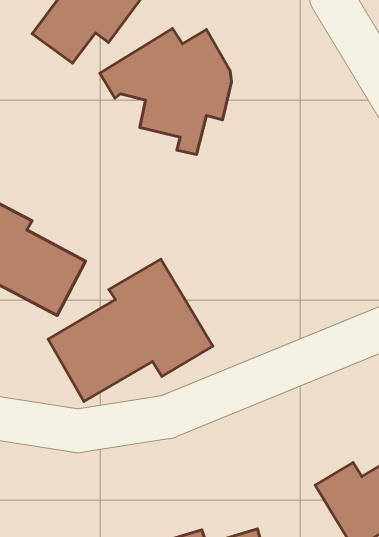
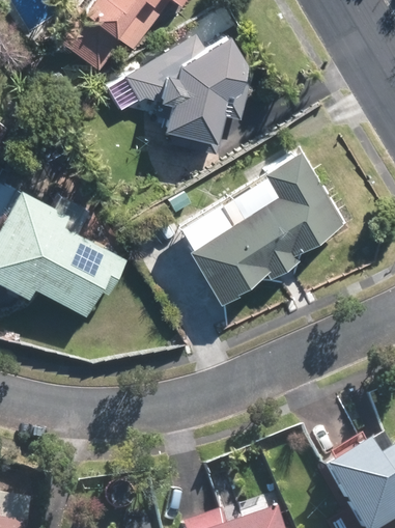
building: none -> [175,152,344,301]
building: [48,259,213,401] -> none

